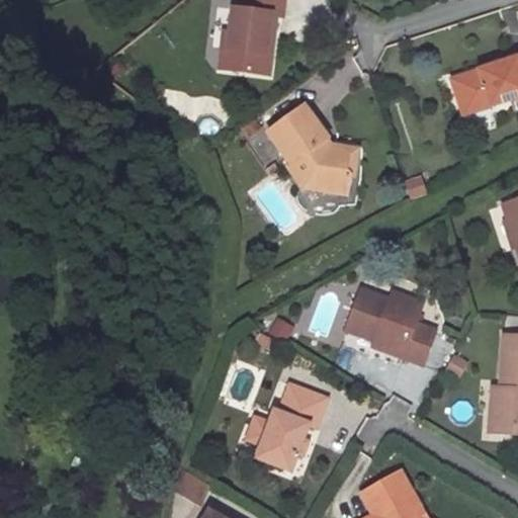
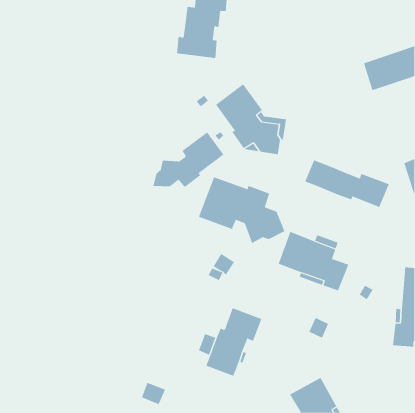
building: none -> [153,131,224,188]
building: none -> [304,159,389,208]
building: none -> [198,177,285,244]

